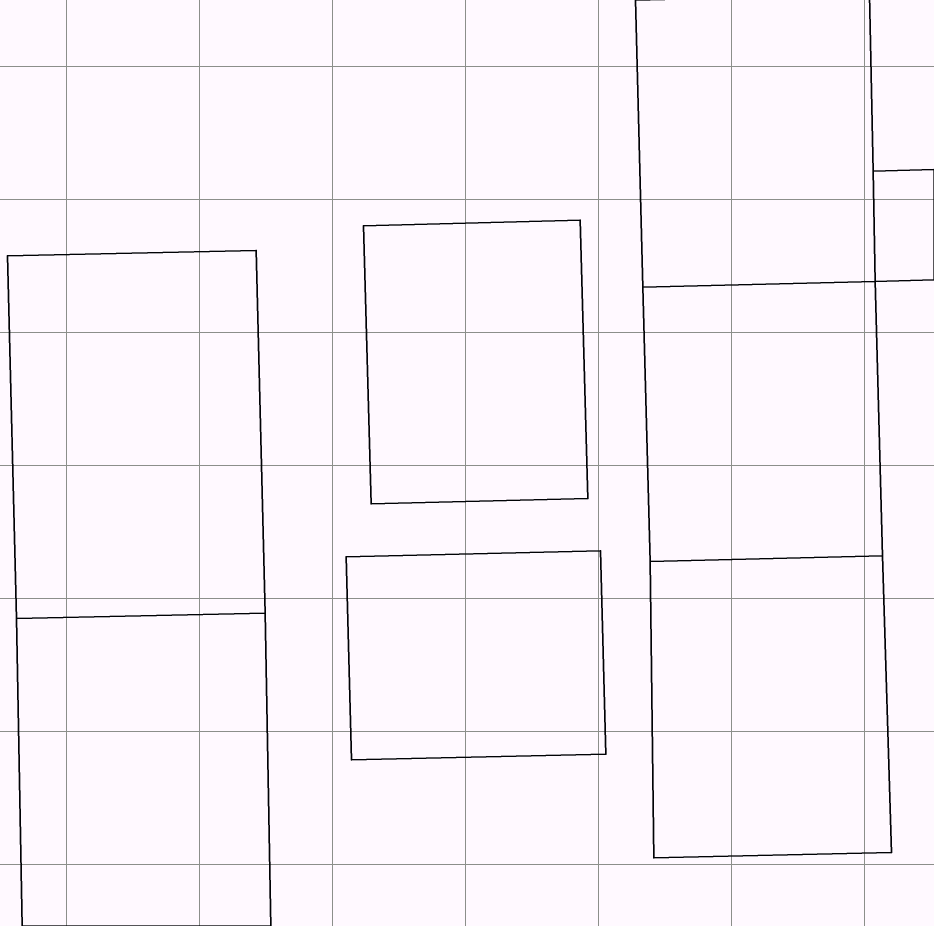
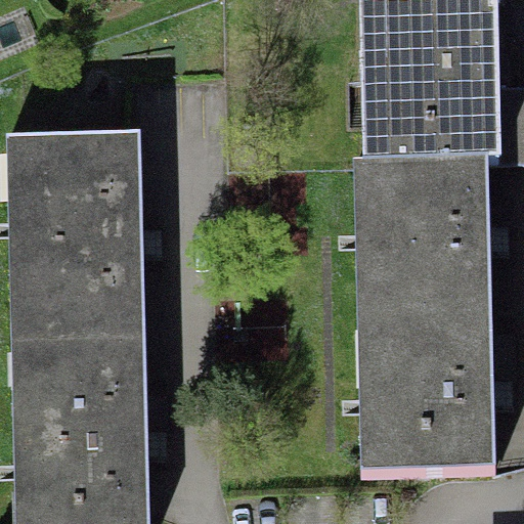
building: [363,220,588,504] -> none
building: [346,551,606,760] -> none

